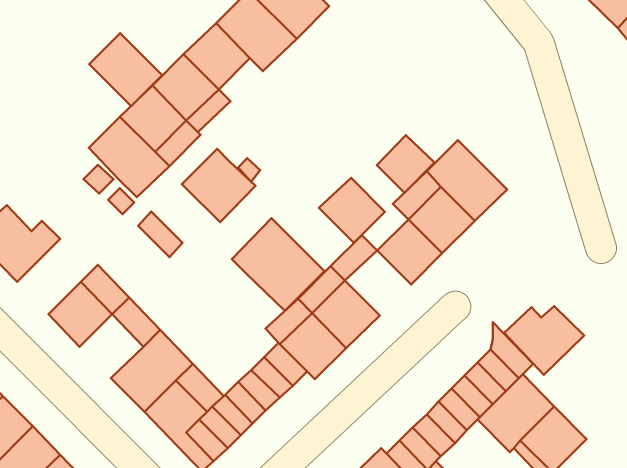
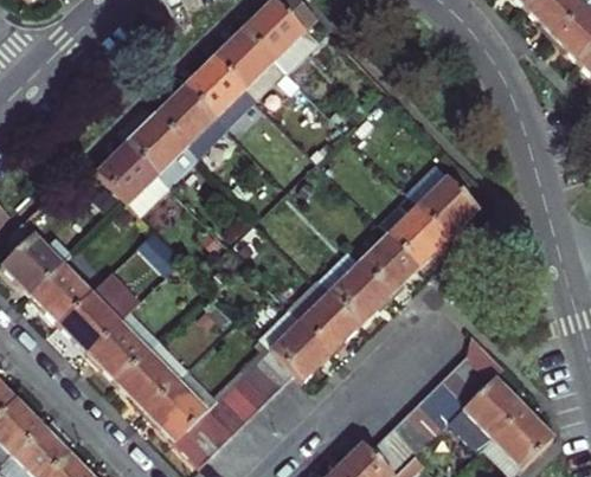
building: [89,33,162,106] -> none
building: [377,135,435,193] -> none
building: [182,149,256,222] -> none
building: [319,178,385,243] -> [329,264,390,323]
building: [232,218,324,311] -> none
building: none -> [31,263,89,322]
building: [504,306,584,375] -> none
building: none -> [88,322,146,380]

